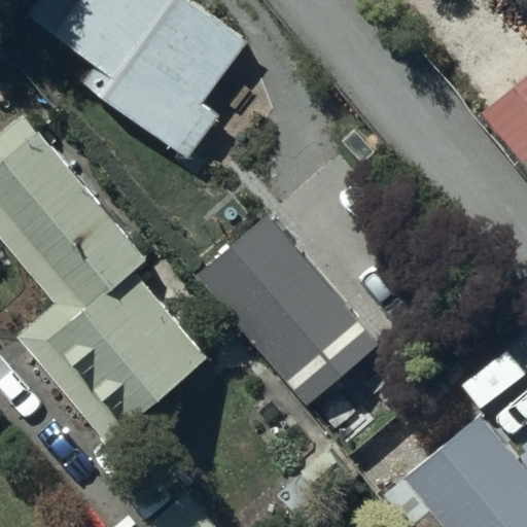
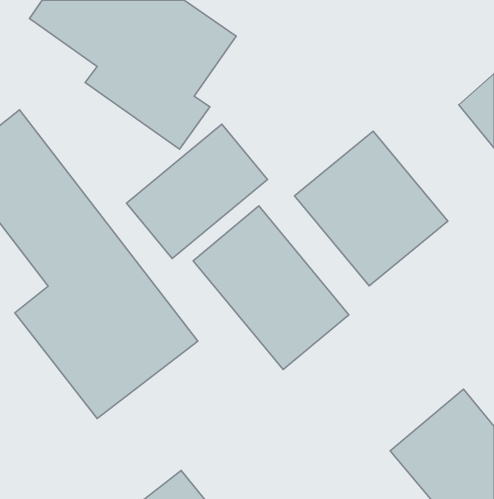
building: none -> [126,124,267,259]
building: none -> [294,131,448,286]

